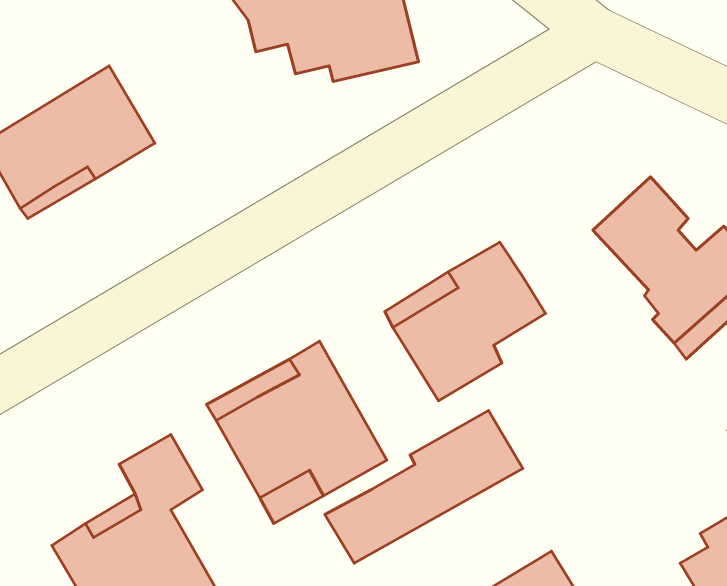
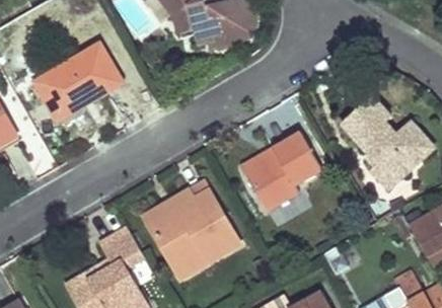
building: [325,410,523,563] -> none

